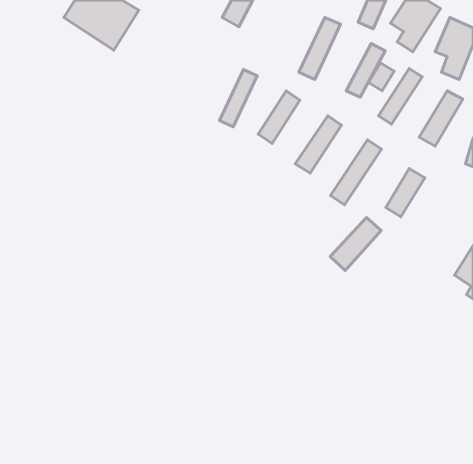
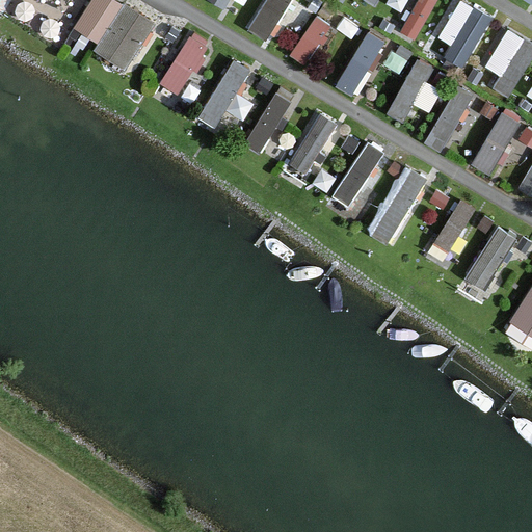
building: none -> [289,16,335,66]
building: none -> [161,33,209,94]
building: none -> [196,58,252,125]
building: [330,218,381,270] -> [463,228,521,287]

